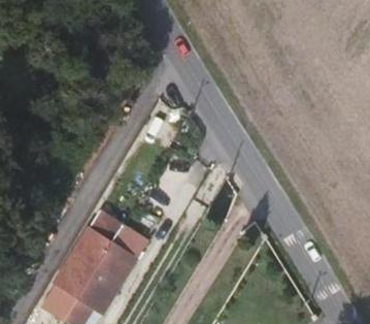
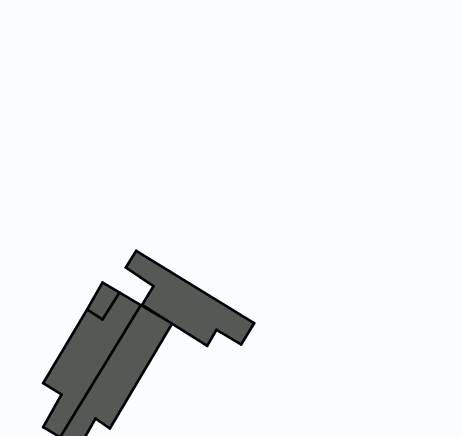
building: none -> [126,251,254,346]

